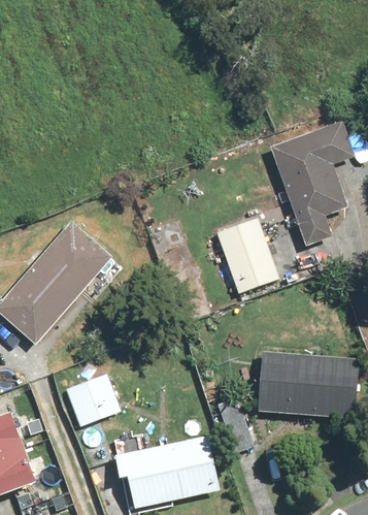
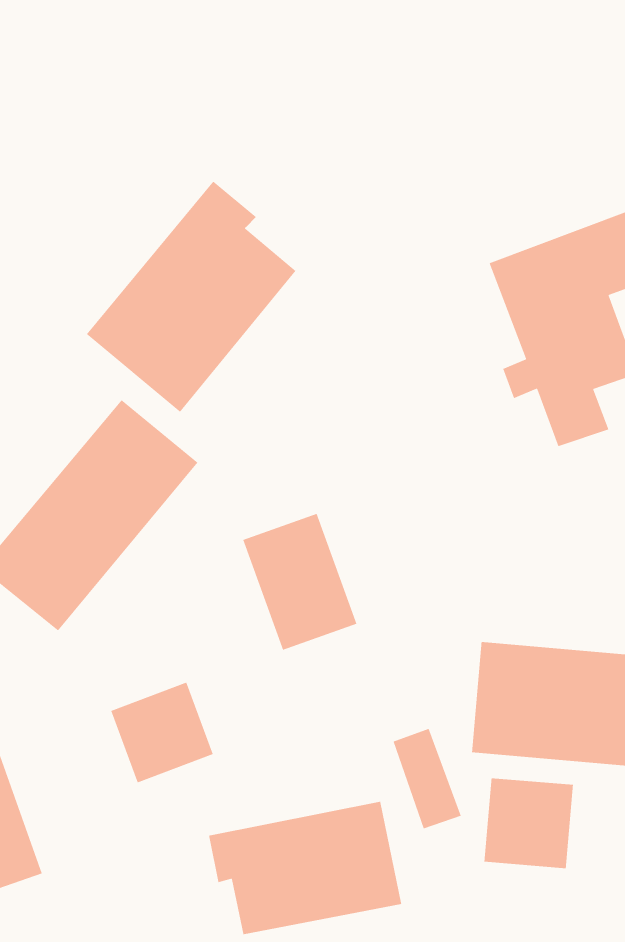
building: none -> [86,181,296,413]
building: [215,218,277,292] -> [242,513,358,651]
building: none -> [483,777,574,869]

